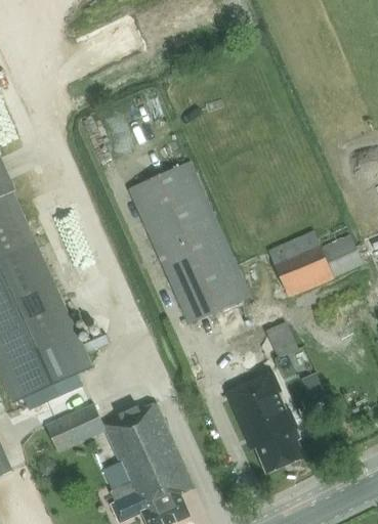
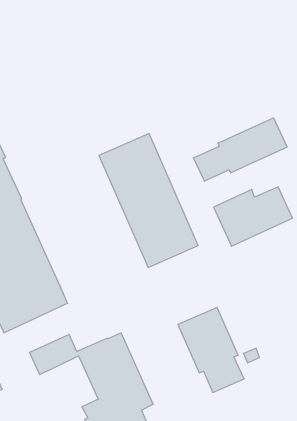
building: none -> [193,118,287,181]
building: [264,321,298,359] -> none

